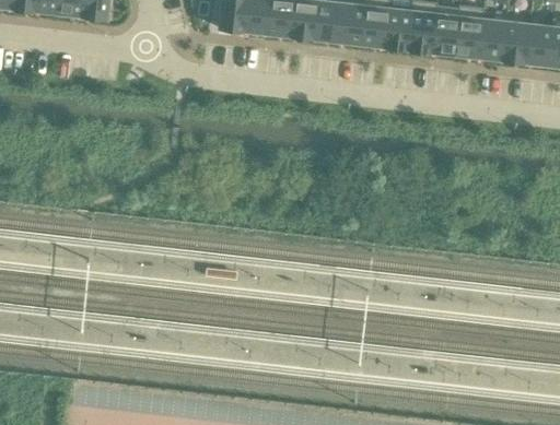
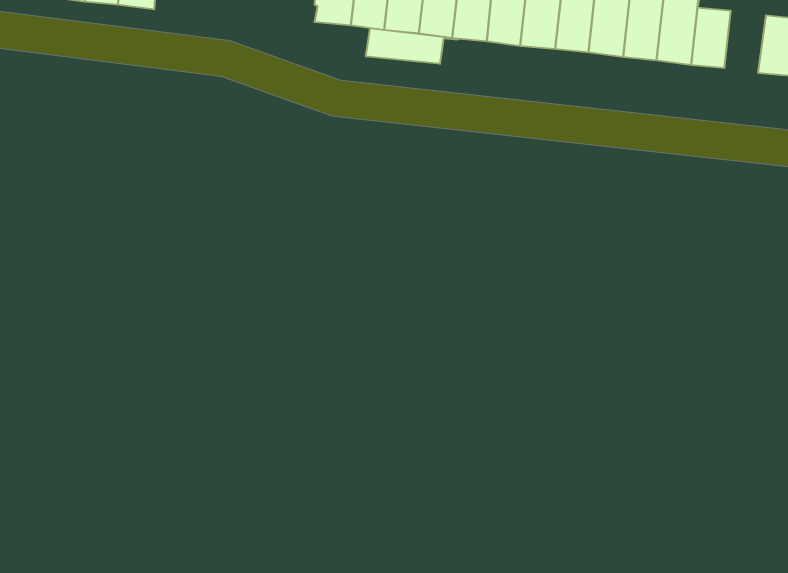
building: [501,23,529,66] -> none
building: none -> [366,28,458,64]

